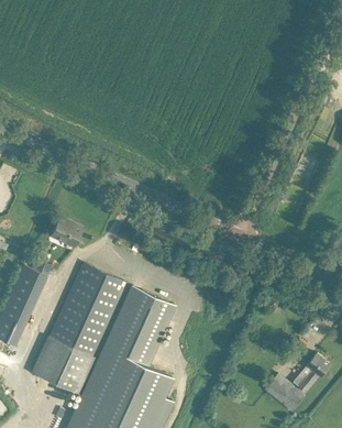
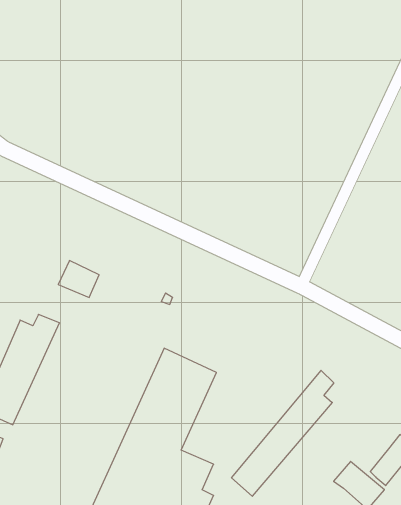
building: [31,263,126,394] -> none
building: none -> [232,370,334,496]

